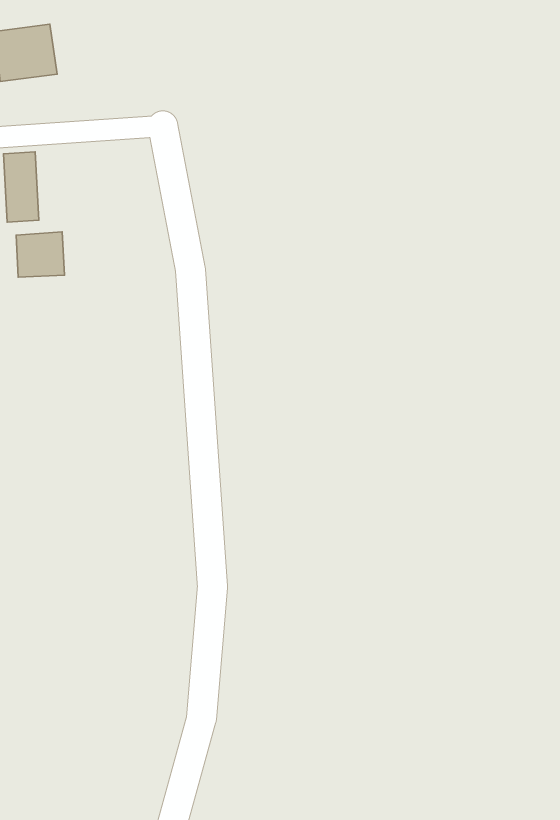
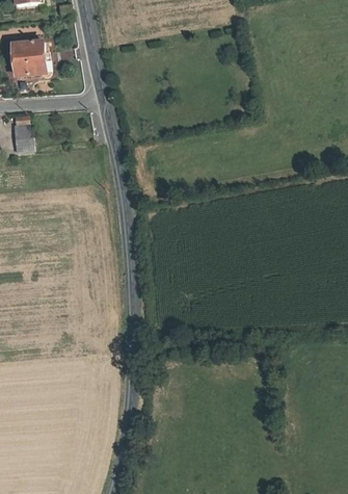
building: [16,232,65,277] -> none

